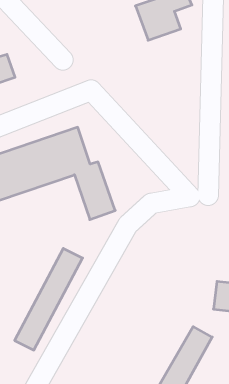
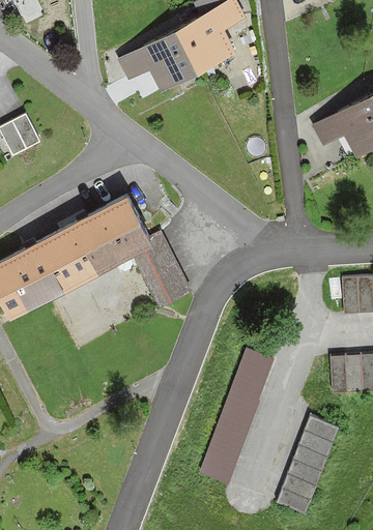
building: none -> [119,31,197,91]
building: [15,248,83,350] -> [203,352,271,484]

